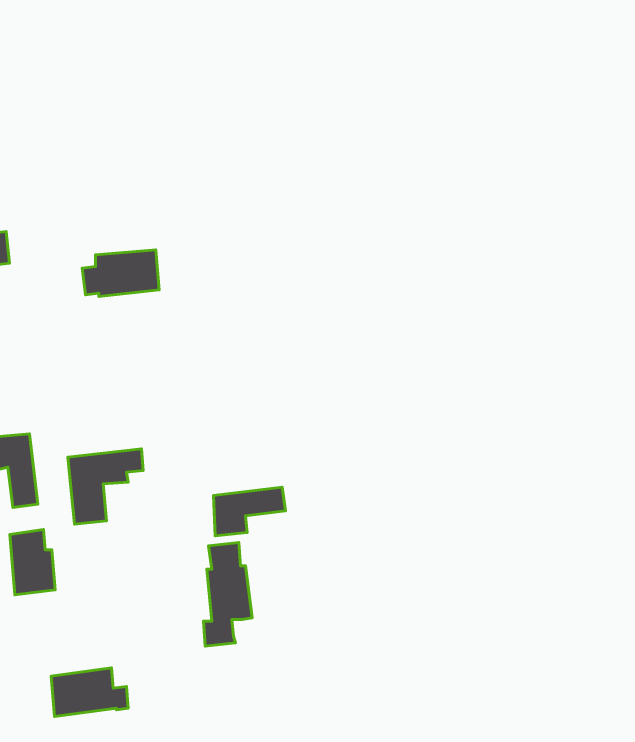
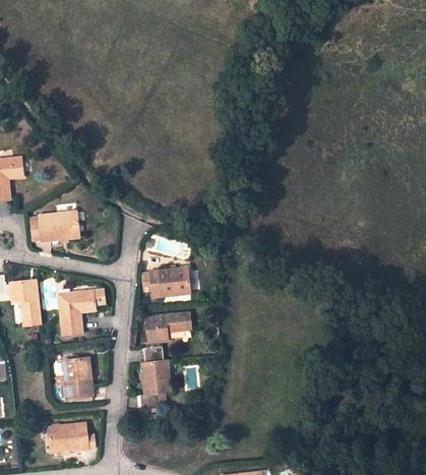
building: [82,250,159,297] -> [32,212,78,240]
building: none -> [141,268,189,296]
building: [10,530,55,595] -> [64,357,92,397]

